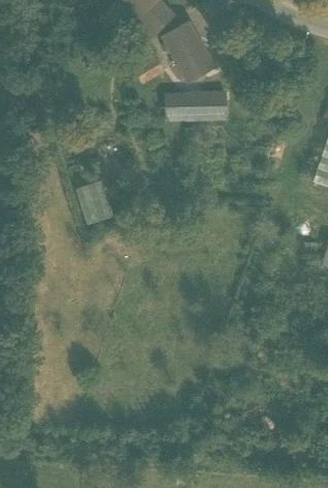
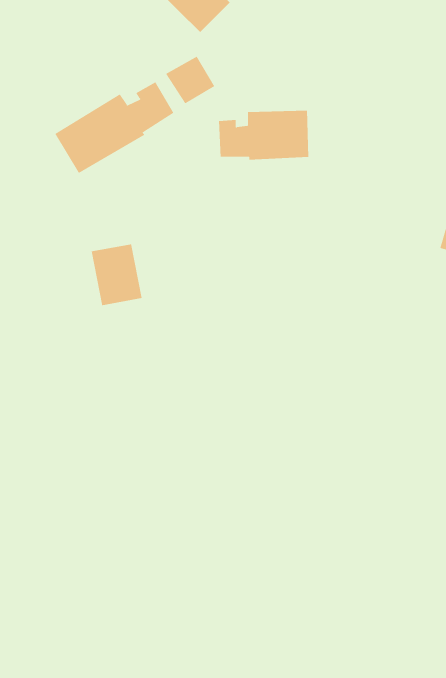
building: [162,22,214,82] -> none
building: none -> [54,82,174,174]

